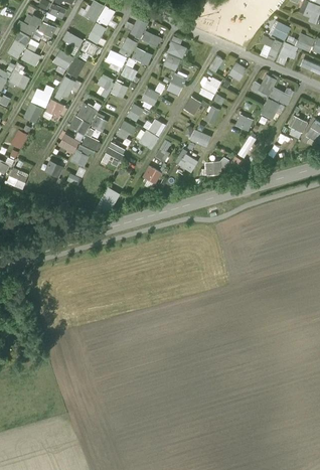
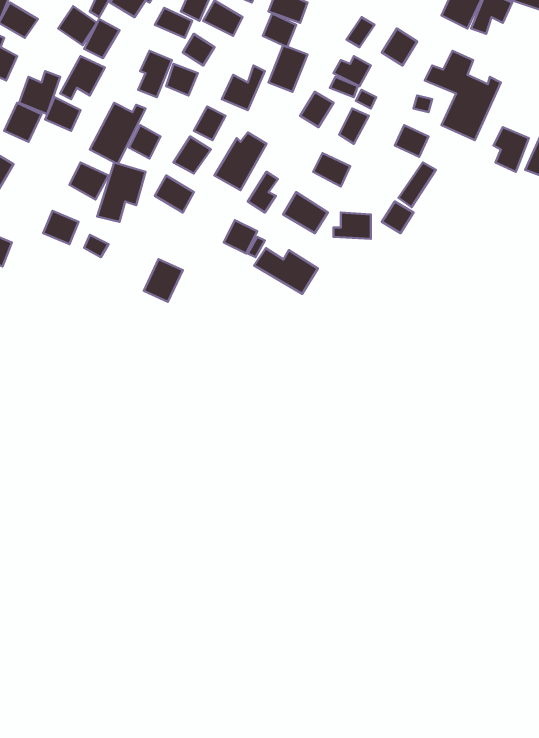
building: none -> [254,248,318,294]

